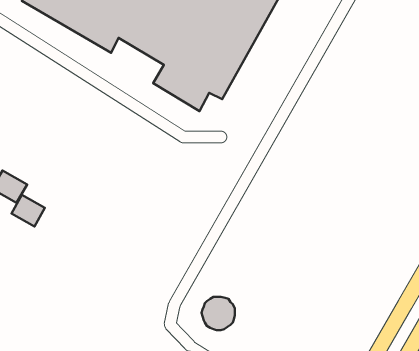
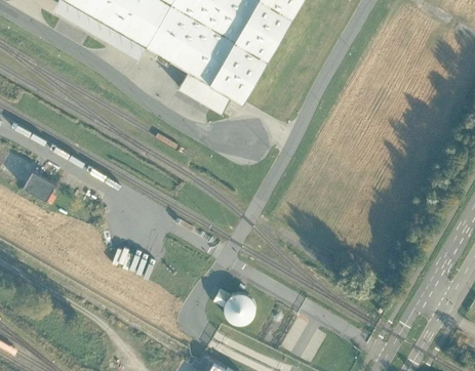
building: [12,195,45,227] -> none

